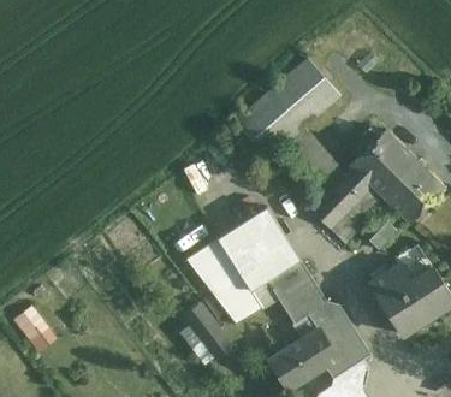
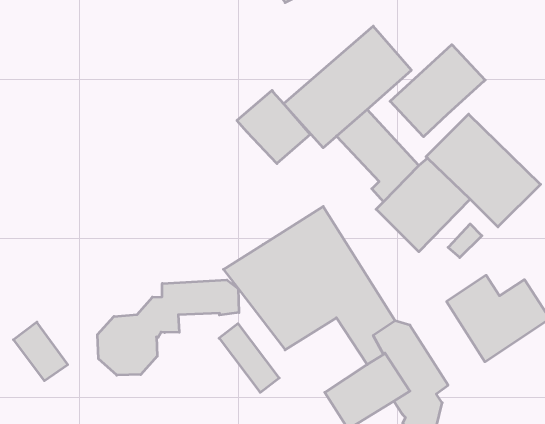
building: none -> [390,45,485,137]
building: none -> [237,90,310,164]
building: none -> [97,280,239,375]

